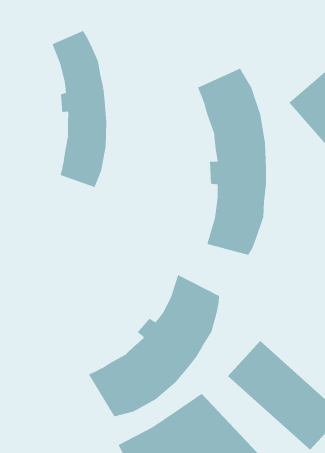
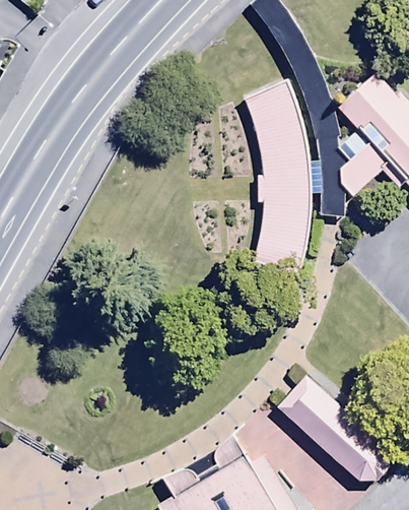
building: [52,30,107,188] -> none
building: [88,274,219,417] -> none

